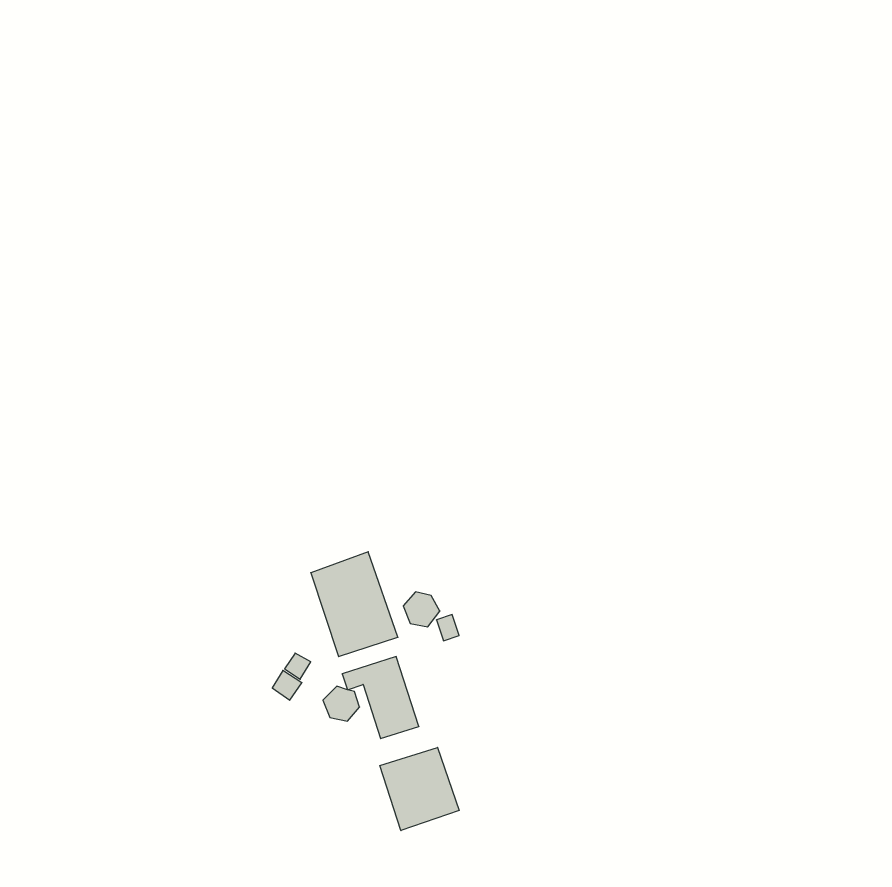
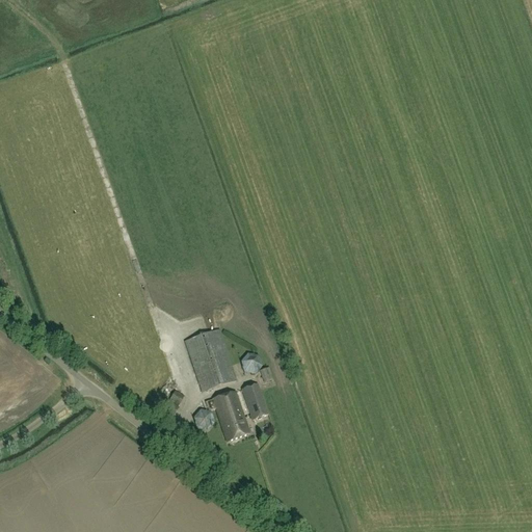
building: none -> [242,383,268,419]
building: [380,747,459,831] -> none

